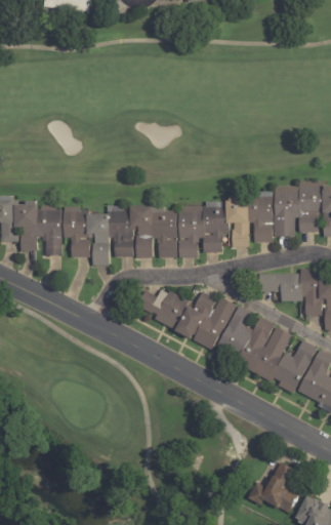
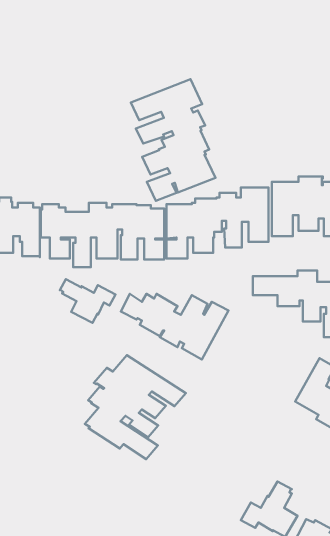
building: none -> [131,79,215,201]
building: none -> [60,279,116,323]
building: [216,305,317,393] -> none
building: none -> [85,355,186,459]

